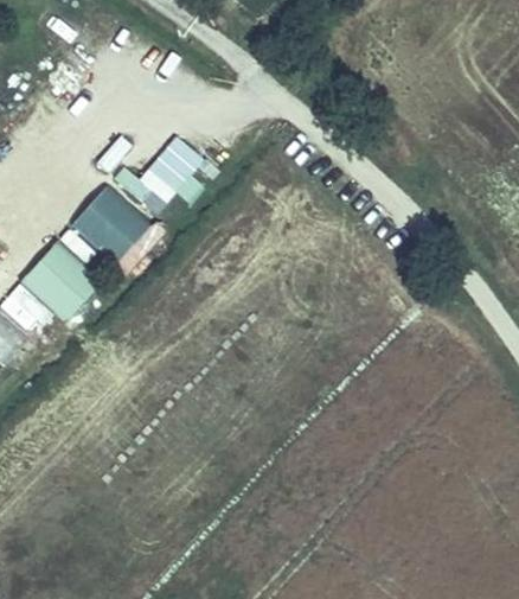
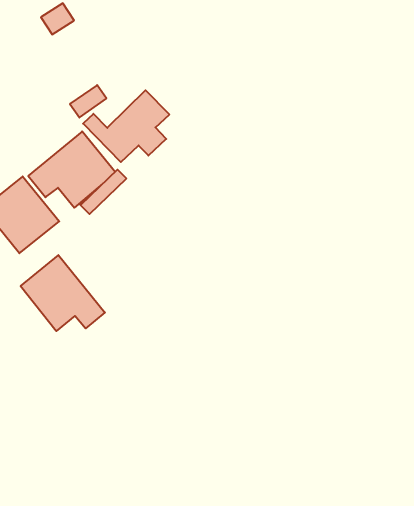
building: none -> [21,255,105,331]

